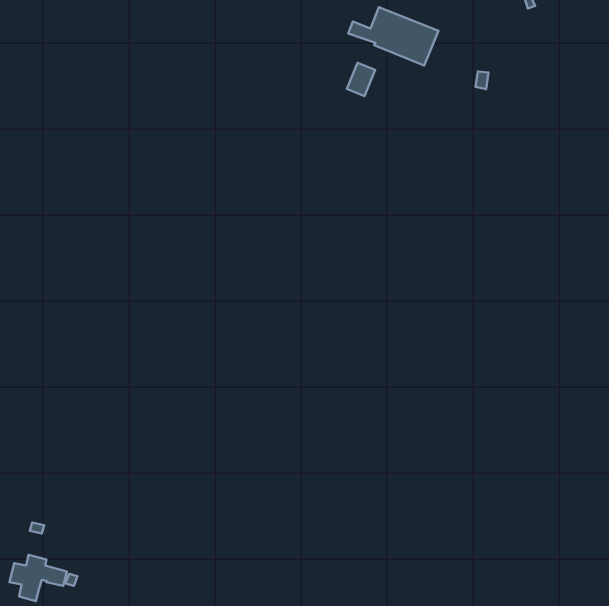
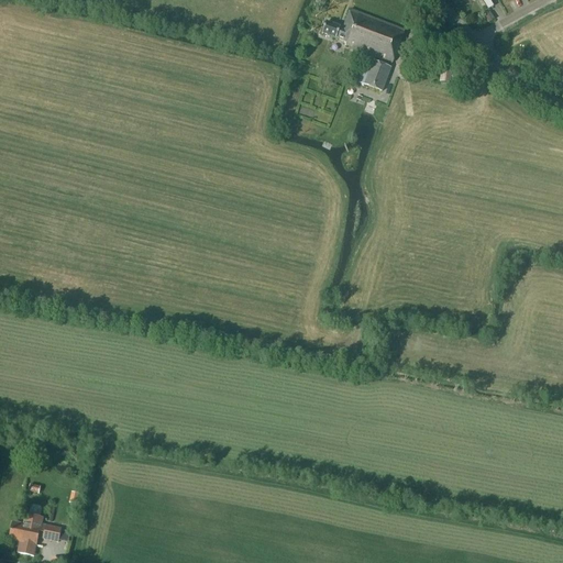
building: [347,63,375,96] -> [364,58,390,89]

